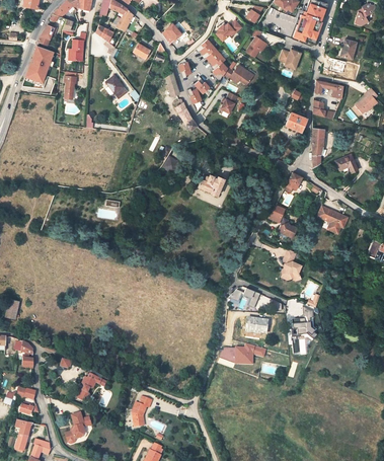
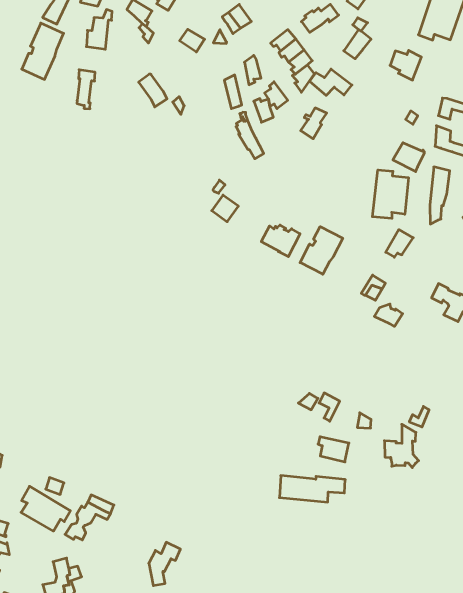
building: none -> [372,170,408,218]
building: none -> [300,227,343,274]
building: [282,249,302,282] -> none
building: none -> [21,486,70,531]

